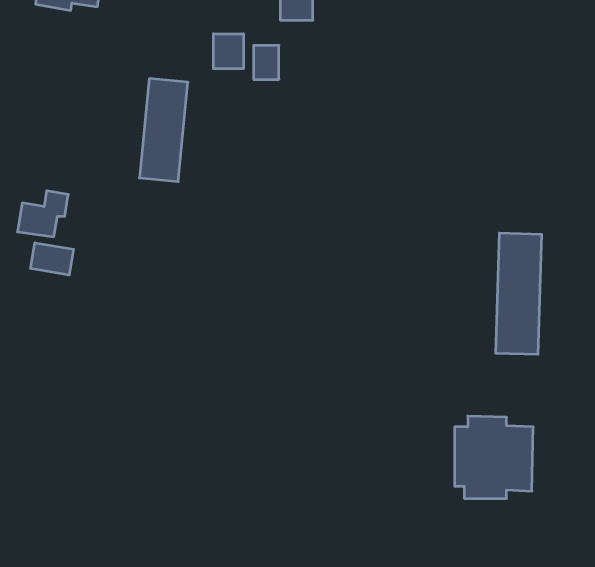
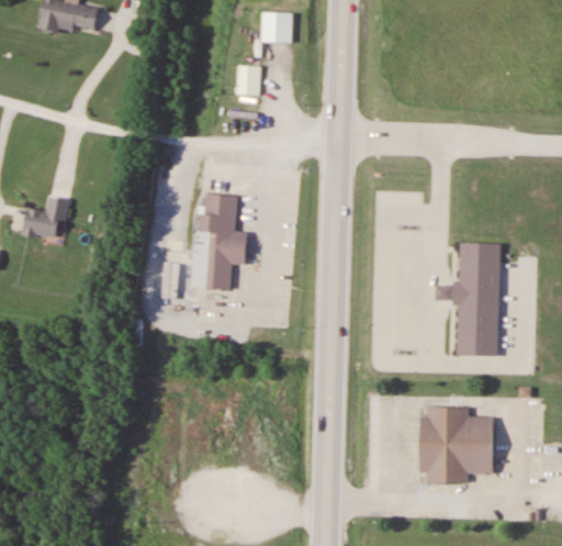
building: [213,34,243,69] -> none
building: [139,79,188,182] -> [195,189,239,282]
building: [31,243,74,275] -> none

